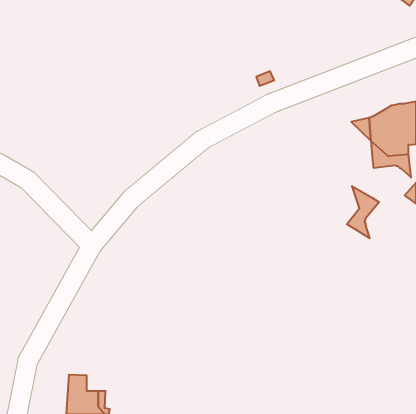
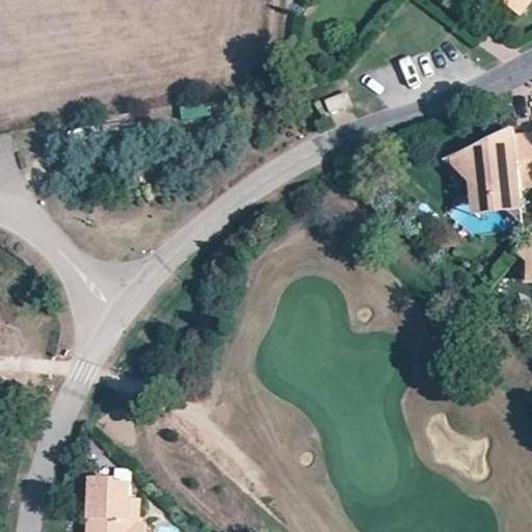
building: [347,186,379,238] -> none

